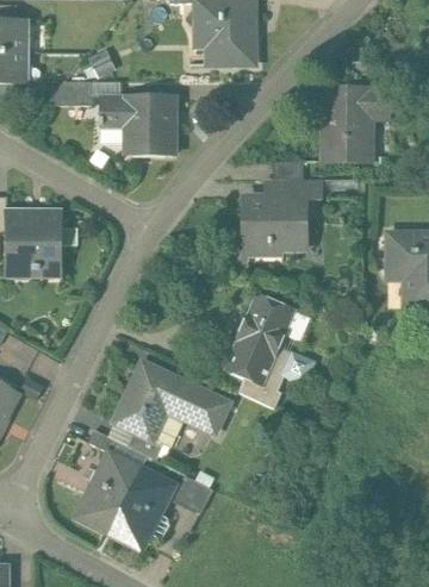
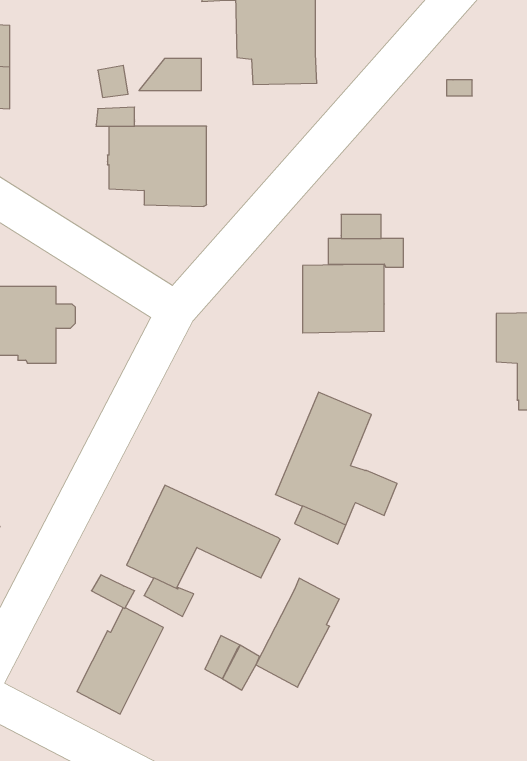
building: [44,81,91,105] -> [139,58,201,91]
building: [322,87,390,162] -> none
building: [108,468,170,549] -> [256,578,339,687]

